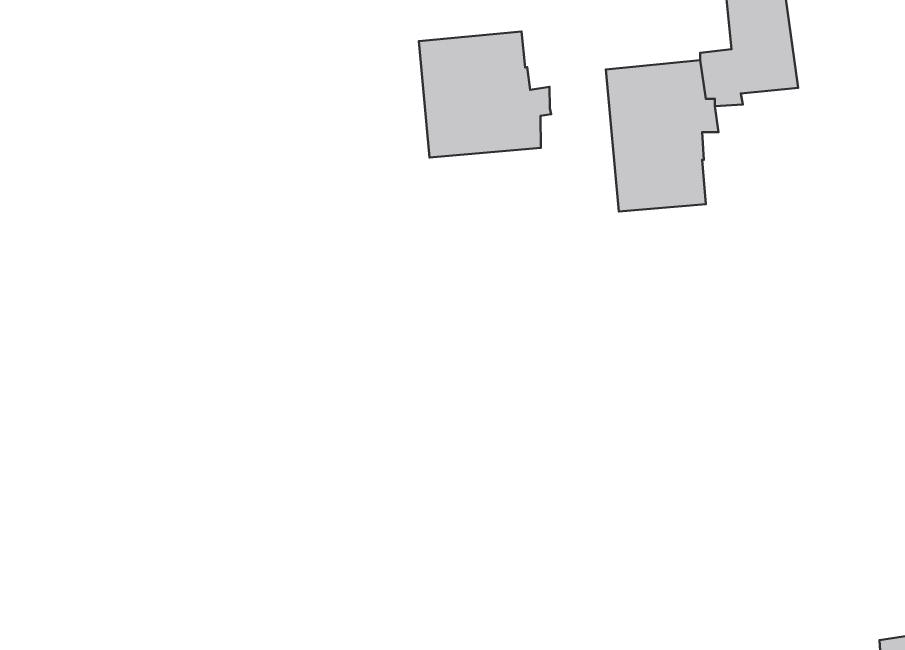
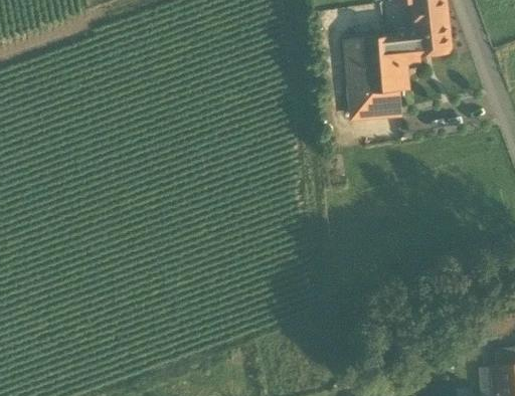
building: [419,31,551,158] -> none

